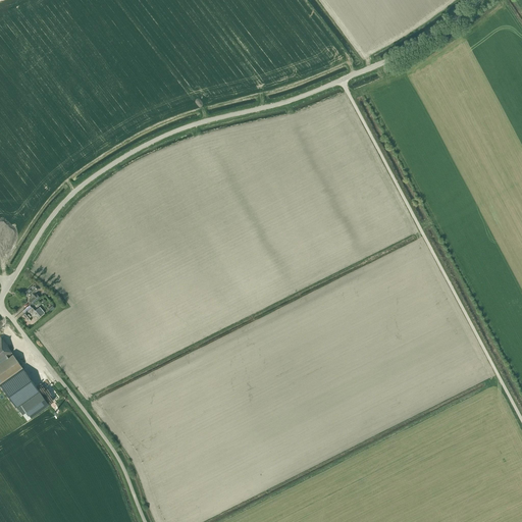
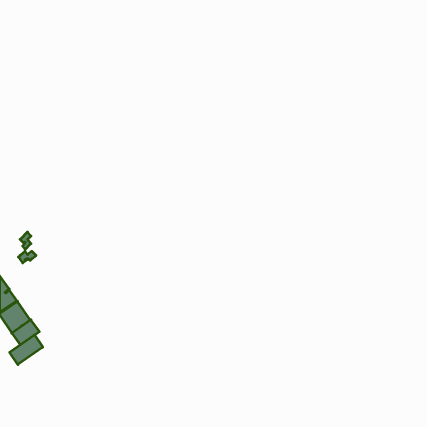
building: none -> [10,335,43,365]

